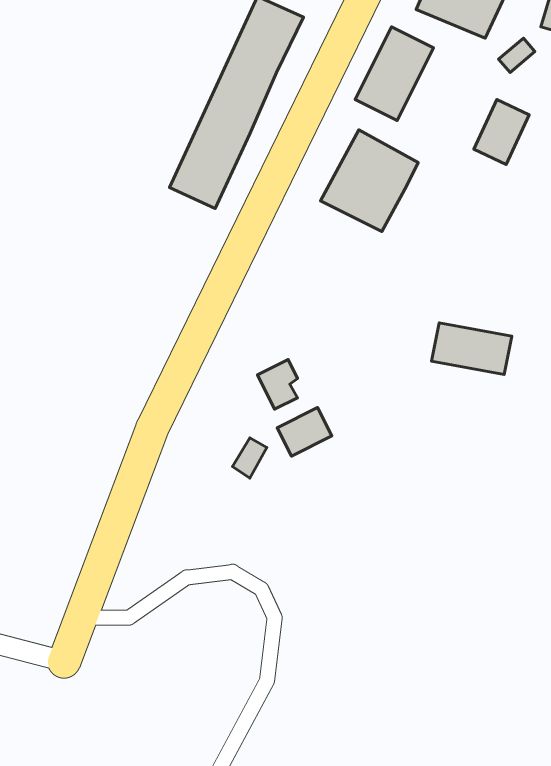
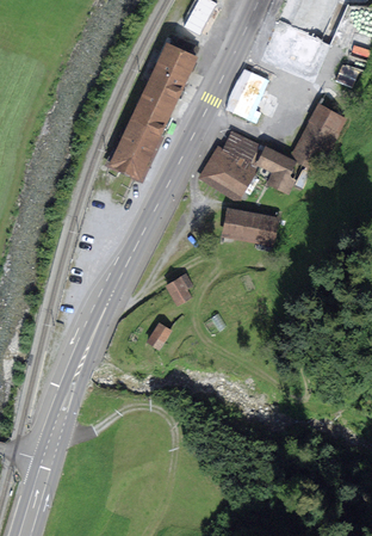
building: none -> [258,150,296,191]
building: [431,323,512,374] -> [223,208,273,240]
building: [277,408,332,456] -> none

